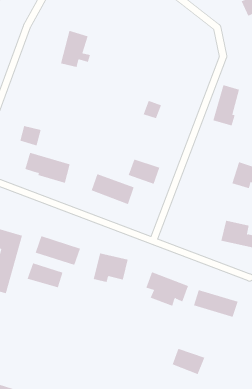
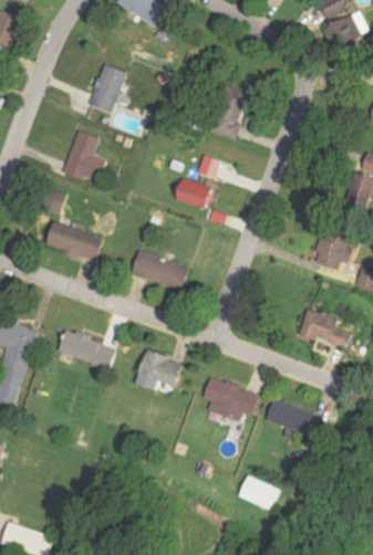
building: none -> [63,130,104,180]
building: [213,85,240,126] -> [209,84,245,138]
building: [128,159,160,185] -> [169,176,211,209]
building: [27,262,63,288] -> none

